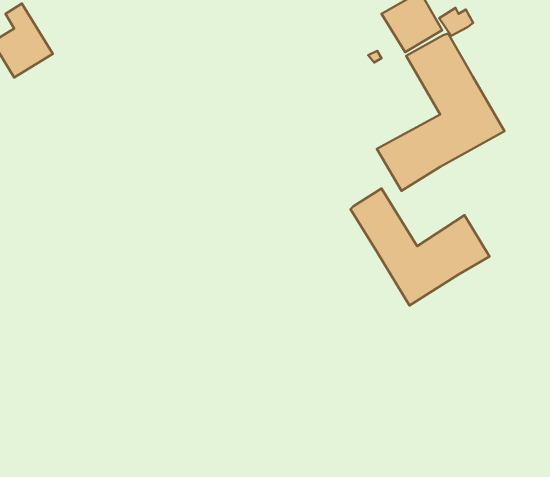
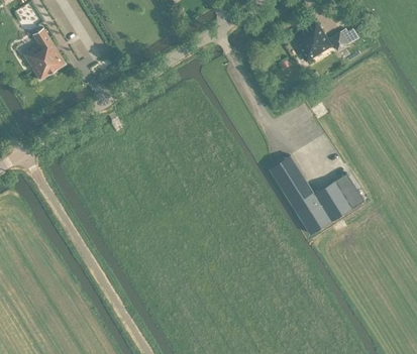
building: [377,33,504,191] -> none

